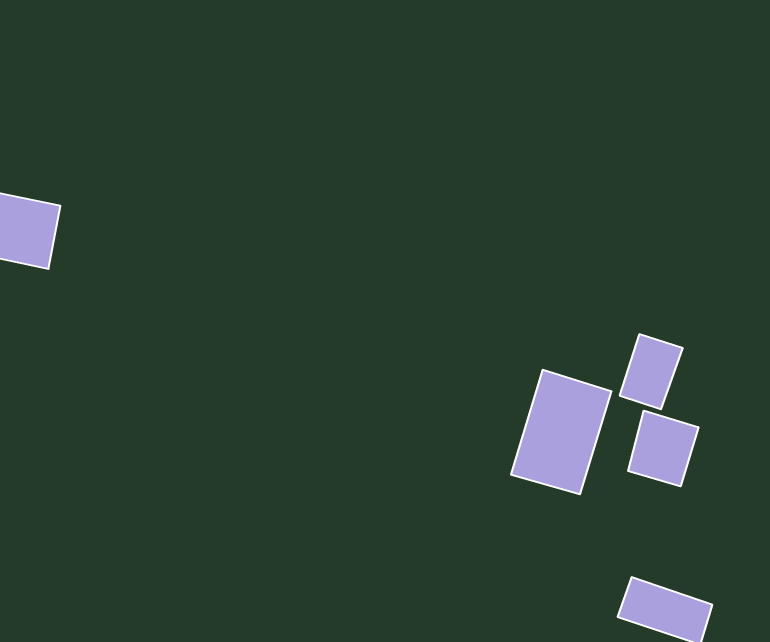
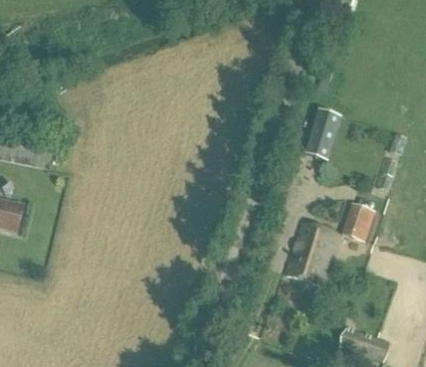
building: none -> [305,111,338,159]
building: [628,411,698,486] -> none

